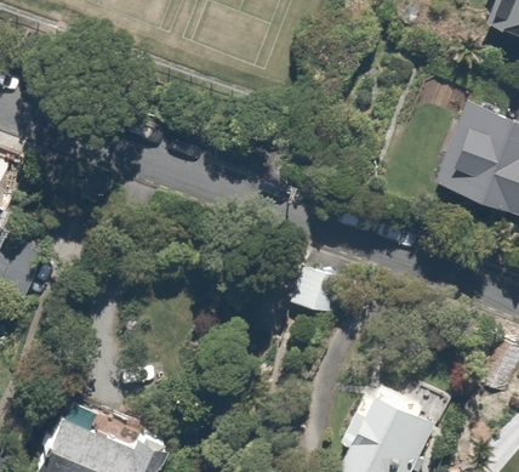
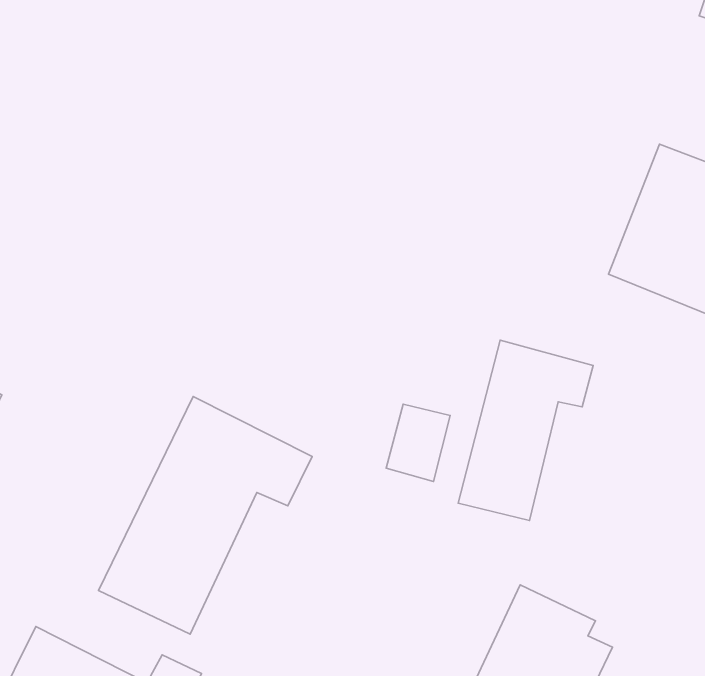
building: none -> [458,340,593,521]
building: none -> [98,397,312,634]

